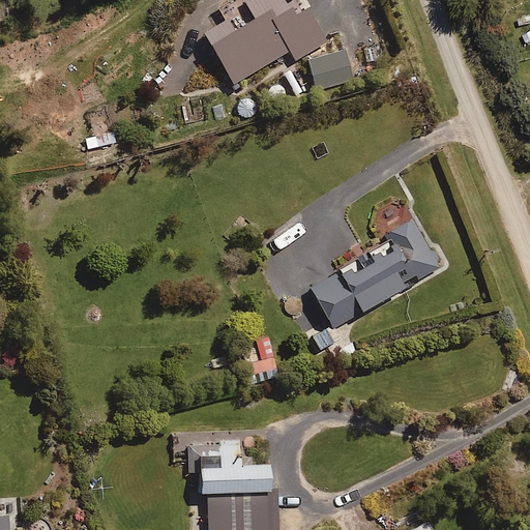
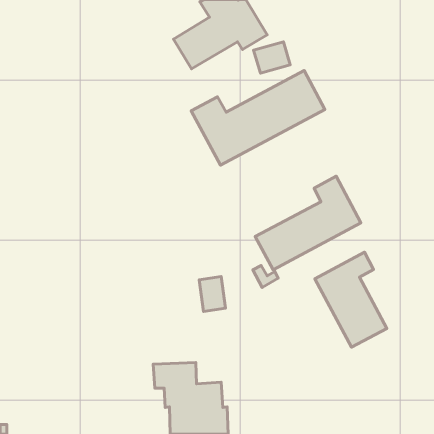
building: none -> [191,70,325,165]
building: none -> [315,252,387,347]

